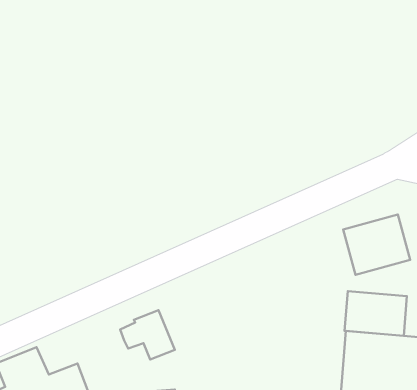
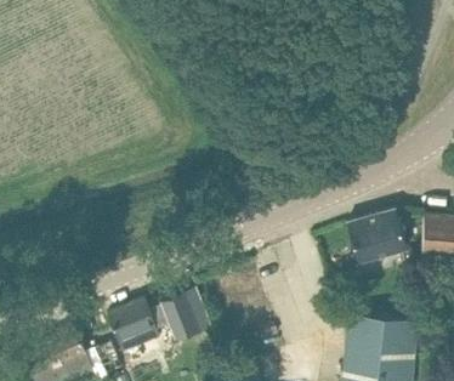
building: [345,291,407,336] -> none
building: none -> [108,298,159,352]

